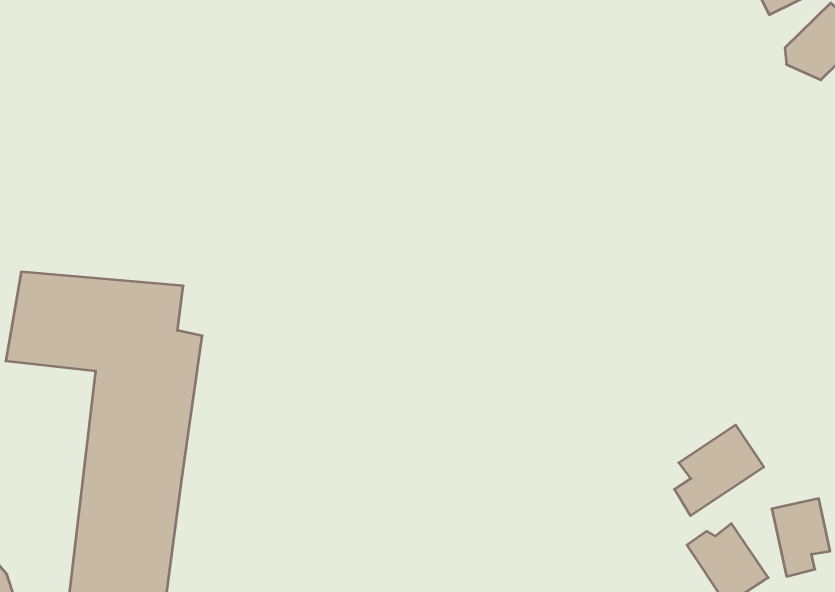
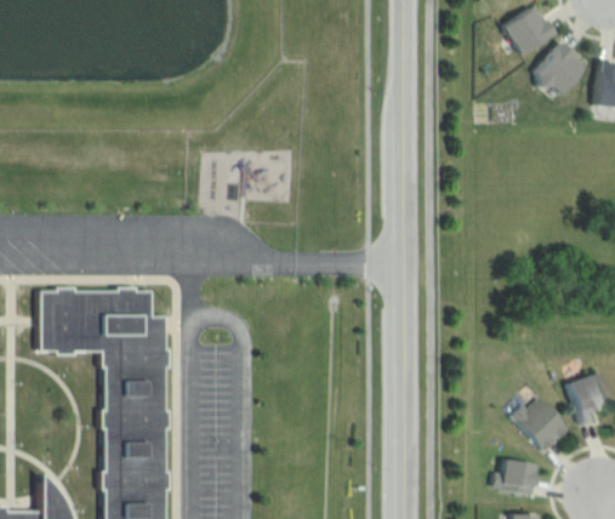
building: [674,425,764,516] -> none

